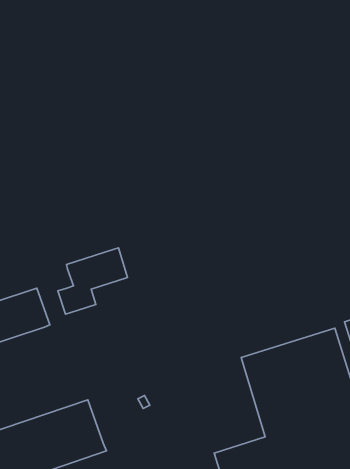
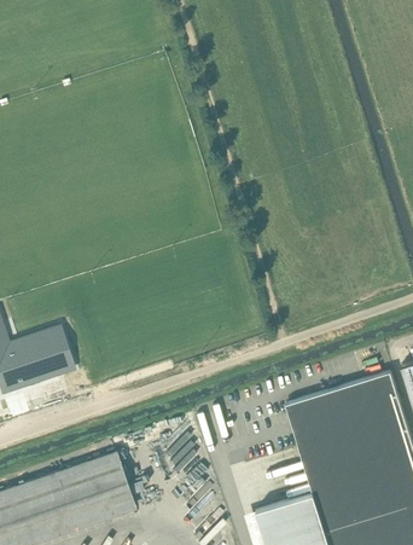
building: [58,248,127,314] -> none

